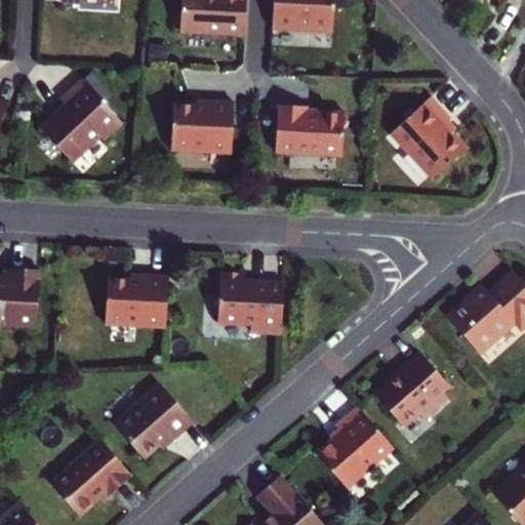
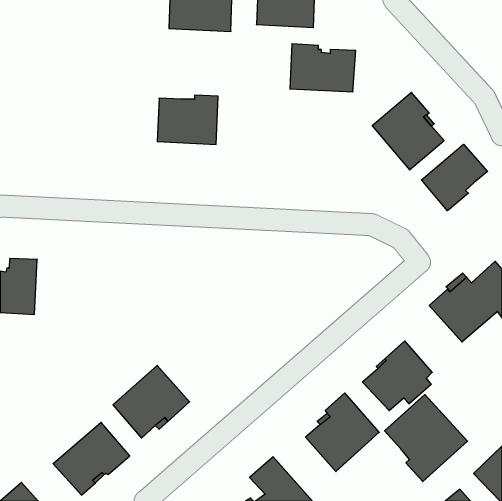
building: [37,77,120,160] -> none
building: [272,104,340,154] -> [290,44,356,92]
building: none -> [421,144,488,211]
building: [221,275,287,335] -> none
building: [107,278,170,330] -> none
building: none -> [385,395,468,482]

